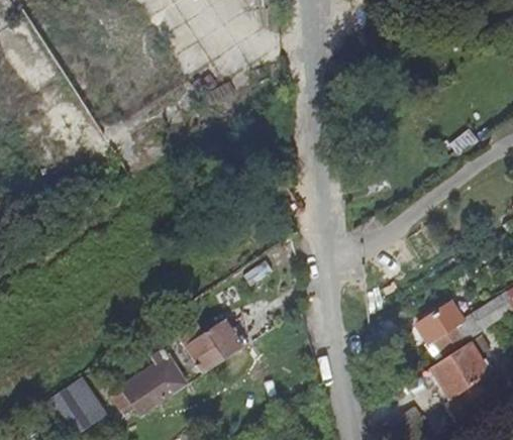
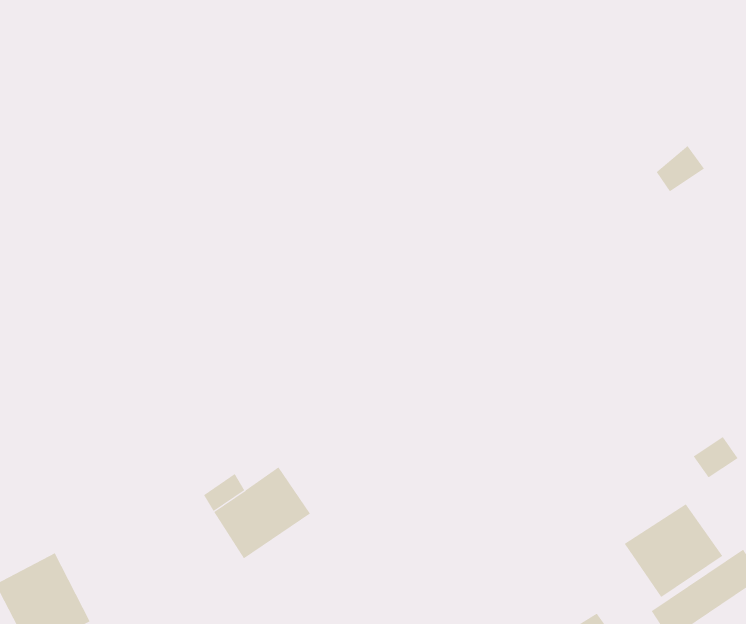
building: [417,305,474,354] -> none
building: [118,358,183,407] -> none

